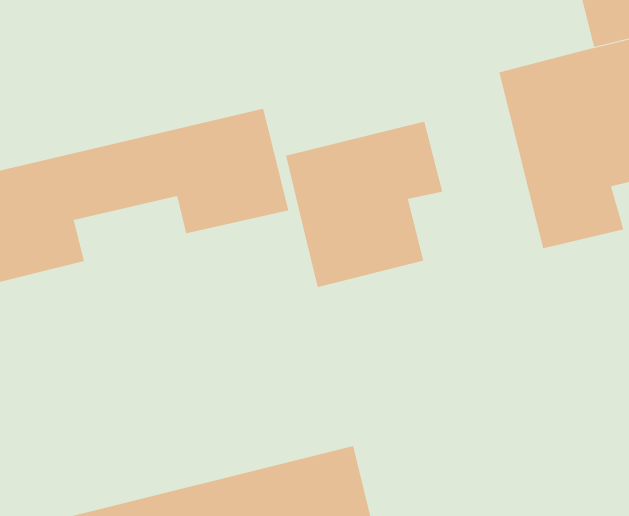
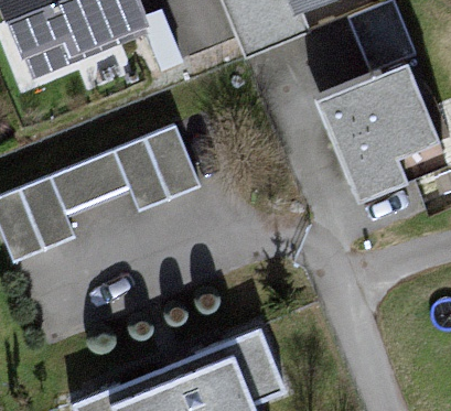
building: [286,121,443,288] -> none

